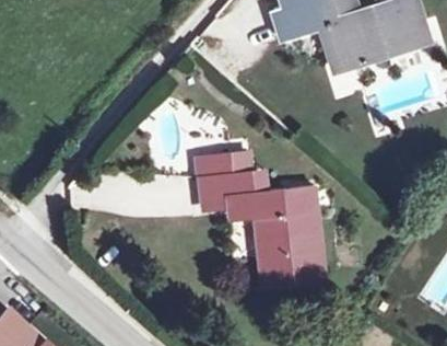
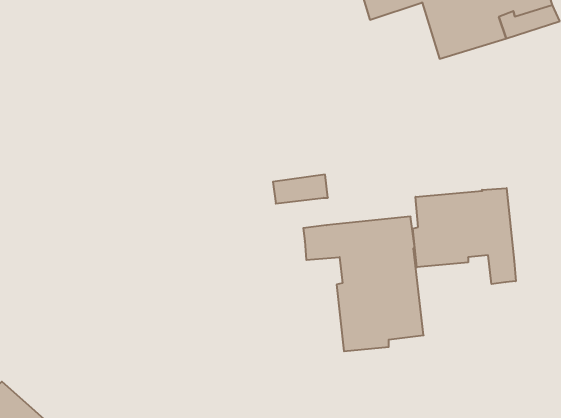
building: [197,159,251,208] -> none
building: none -> [413,188,516,284]

